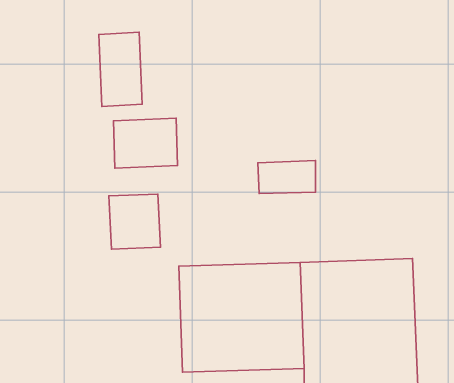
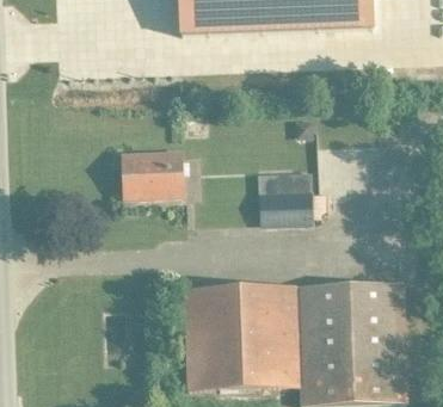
building: [99,32,142,107] -> none
building: [109,194,160,249] -> none

